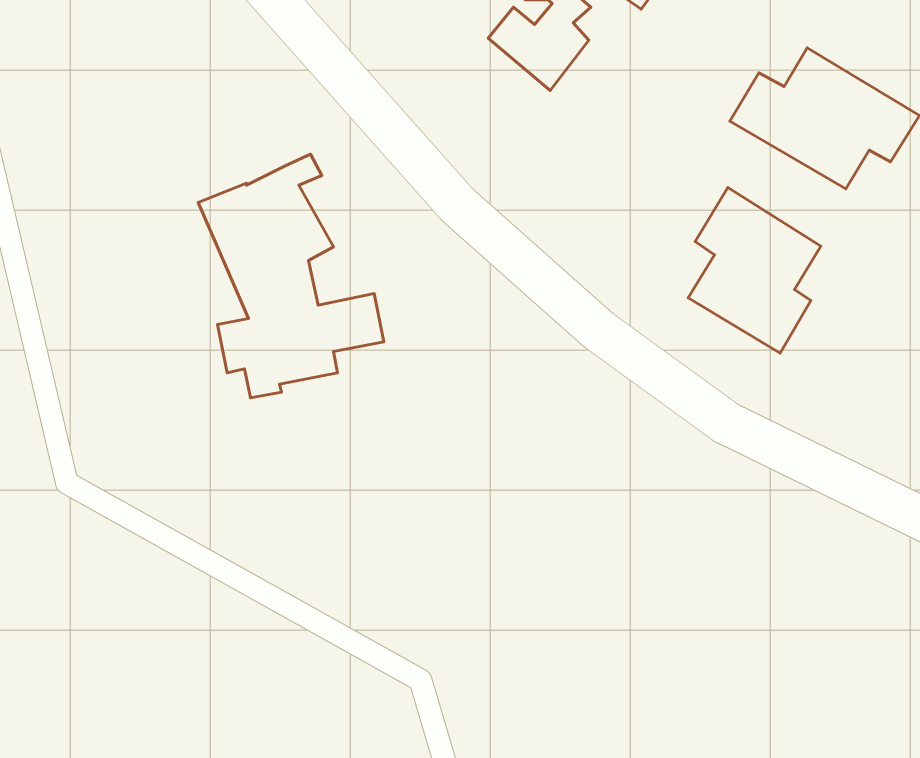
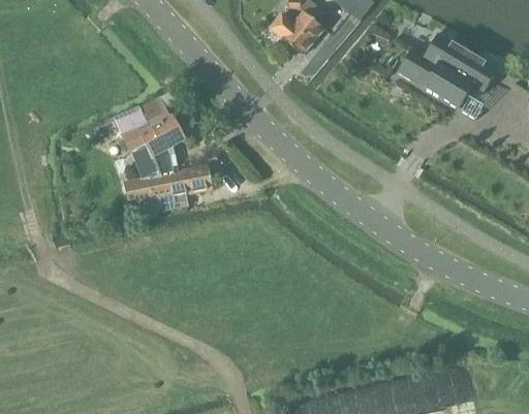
building: [688,188,821,353] -> none

